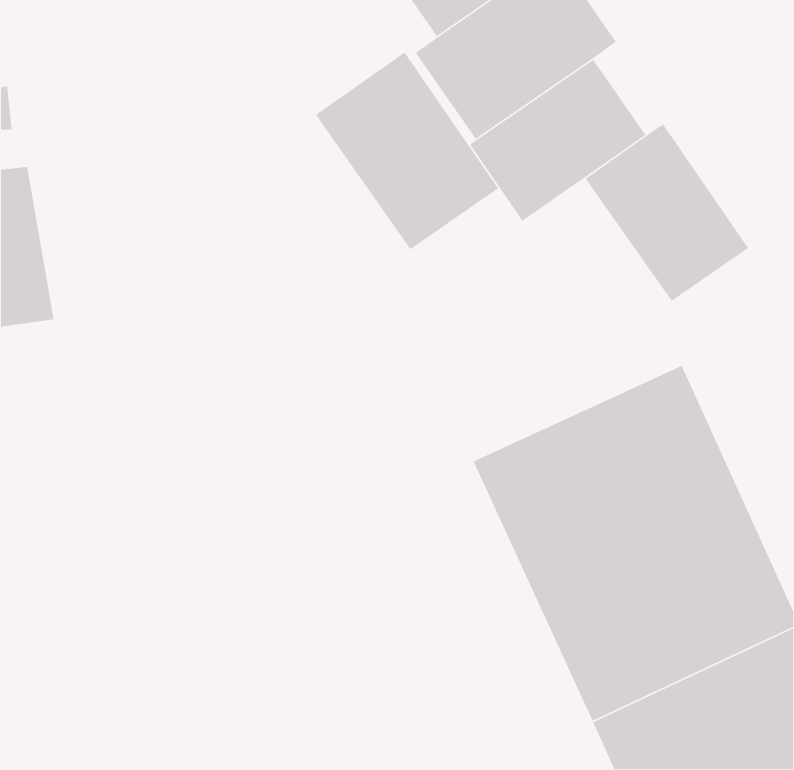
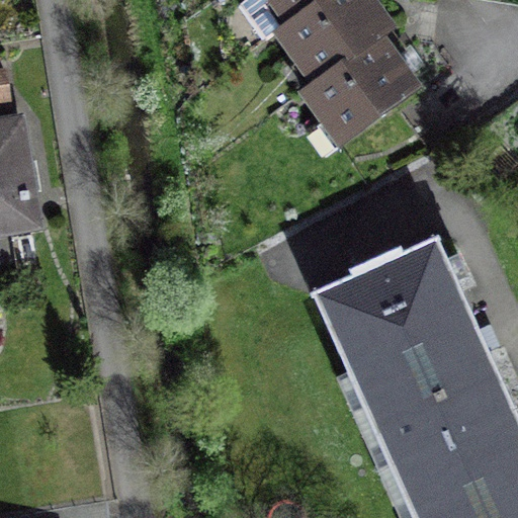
building: [315,51,499,250] -> none
building: [585,123,749,302] -> none

